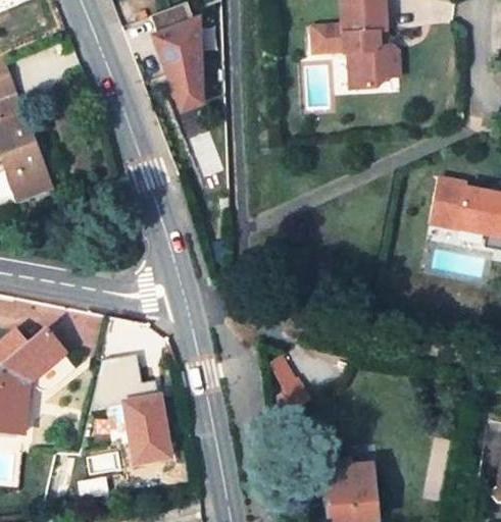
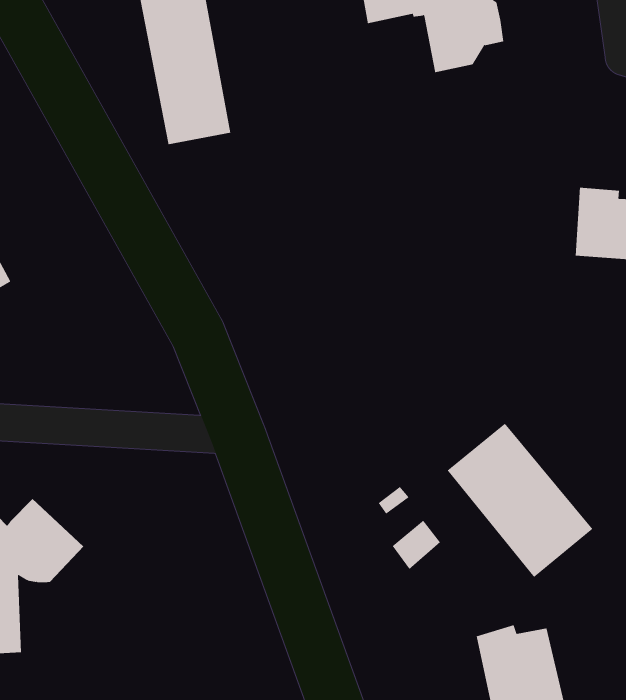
building: none -> [447,423,593,578]
building: [94,354,176,467] -> none

